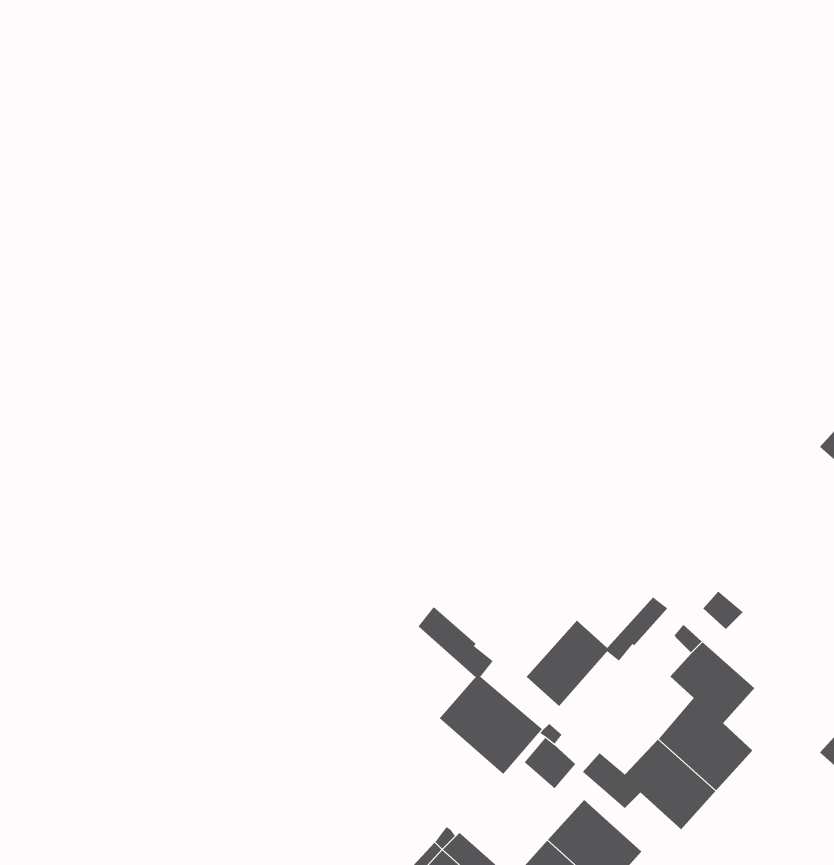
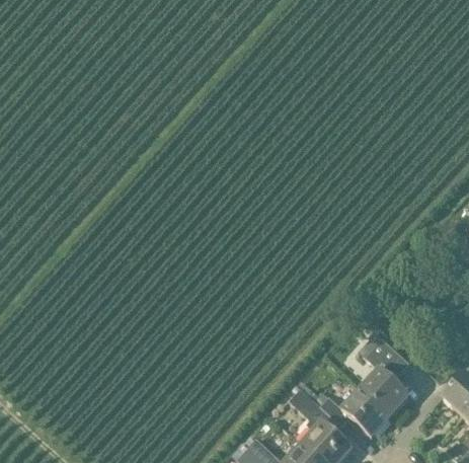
building: [526,596,668,707] -> none
building: [418,606,543,775] -> none

